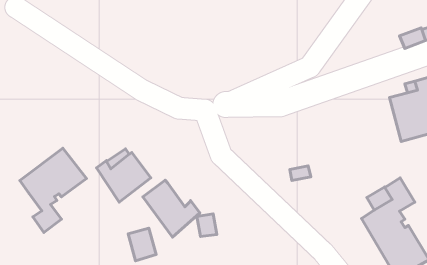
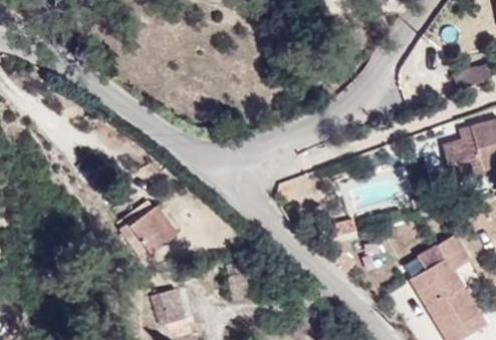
building: [20,148,87,232] -> none
building: [143,180,200,237] -> none

